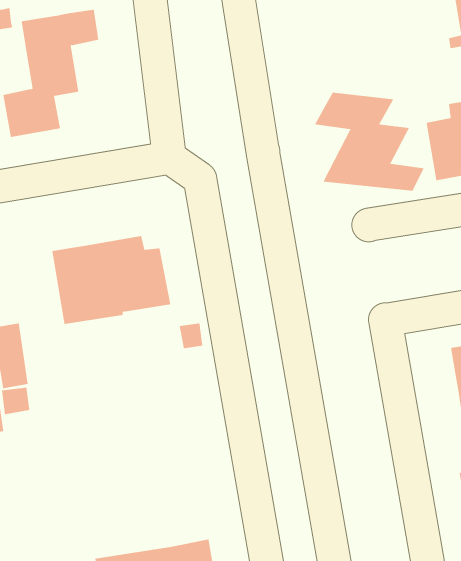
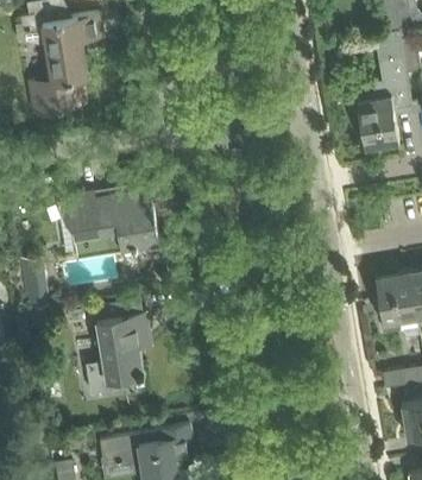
building: [314,92,425,192] -> none
building: none -> [84,312,149,393]

